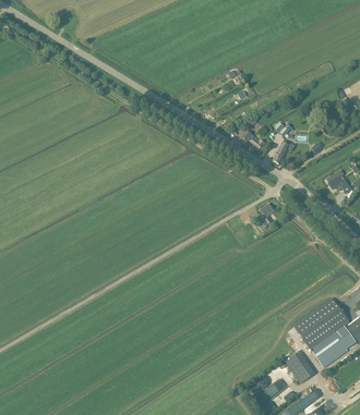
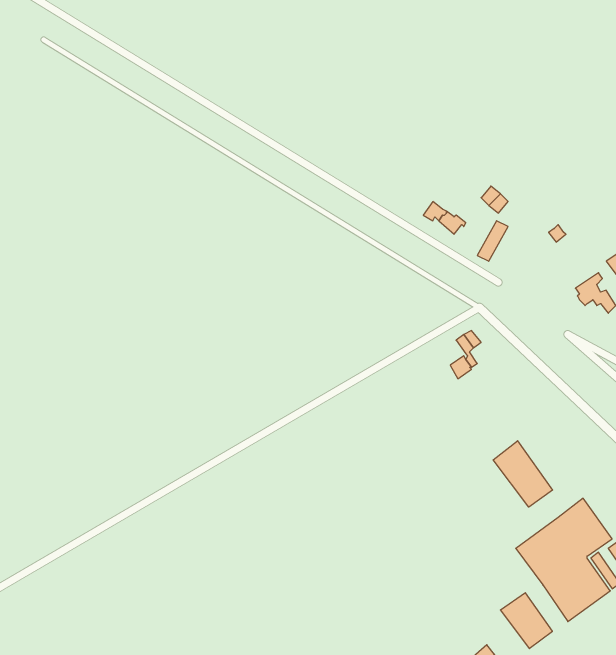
building: none -> [493,441,553,507]

